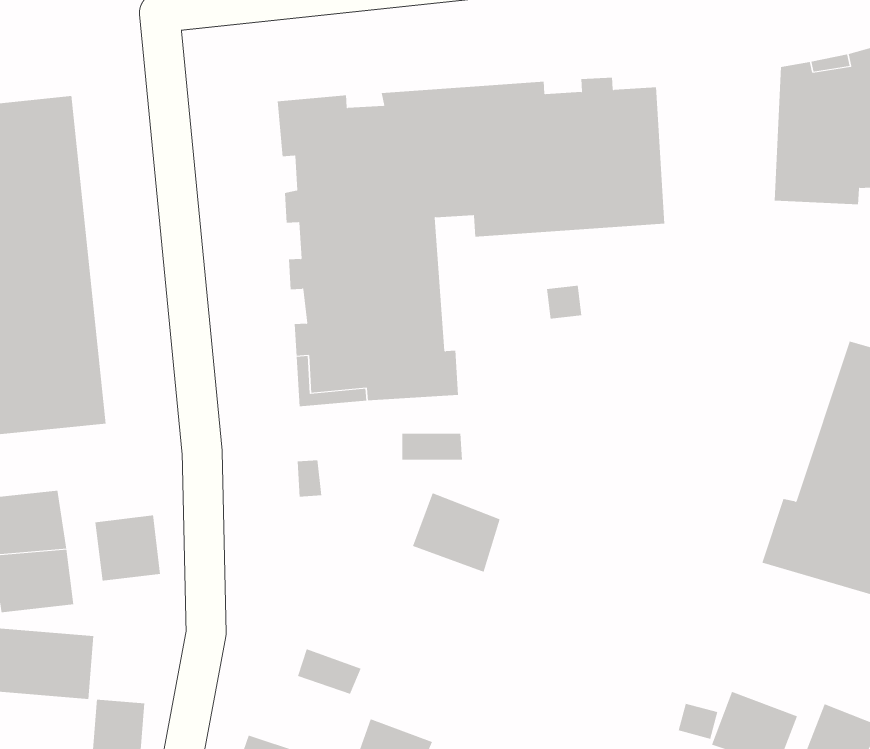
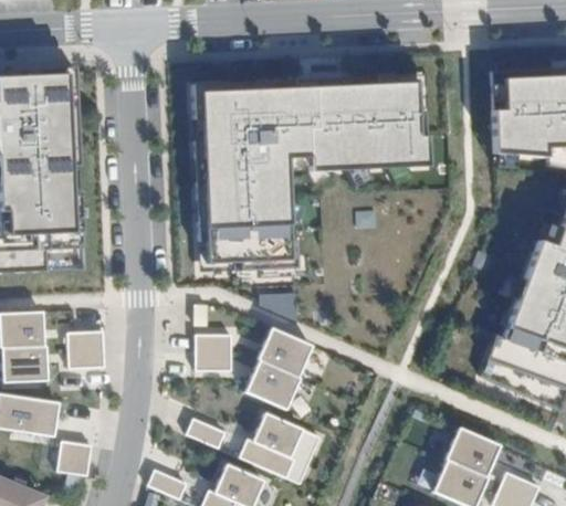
building: none -> [196,334,232,370]
building: none -> [248,359,303,410]
building: none -> [241,411,304,476]
building: none -> [450,428,505,477]

